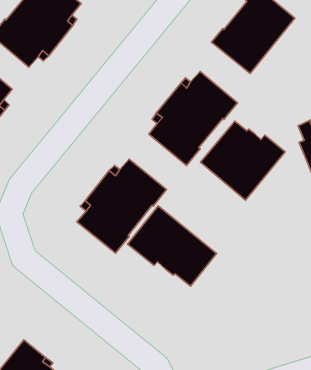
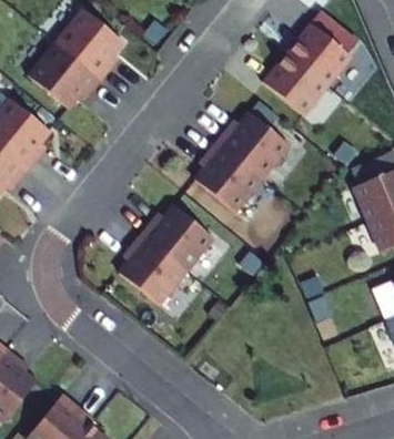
building: [201,121,285,200] -> none
building: [128,206,217,286] -> none

